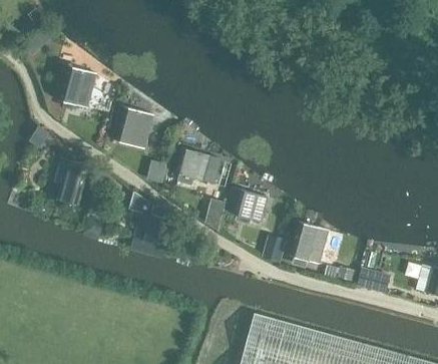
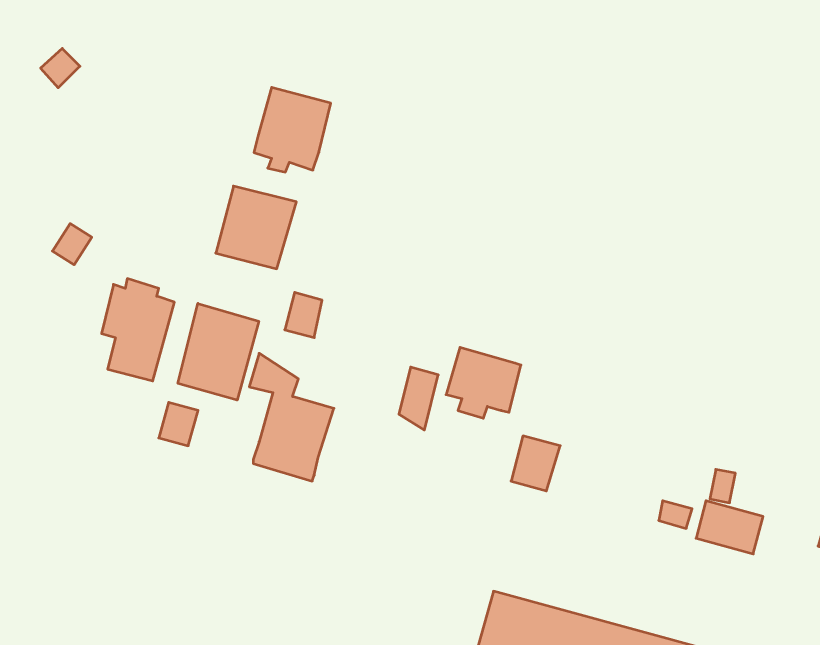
building: [57,65,96,108] -> [254,87,331,172]
building: [174,147,222,184] -> none
building: none -> [178,303,259,400]
building: [290,221,330,264] -> none

